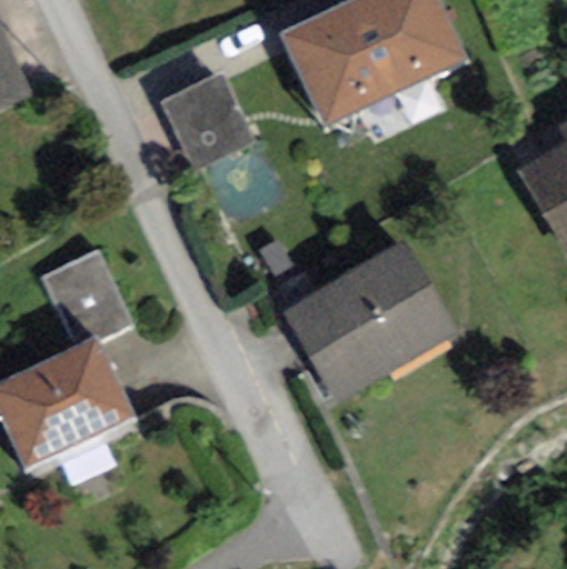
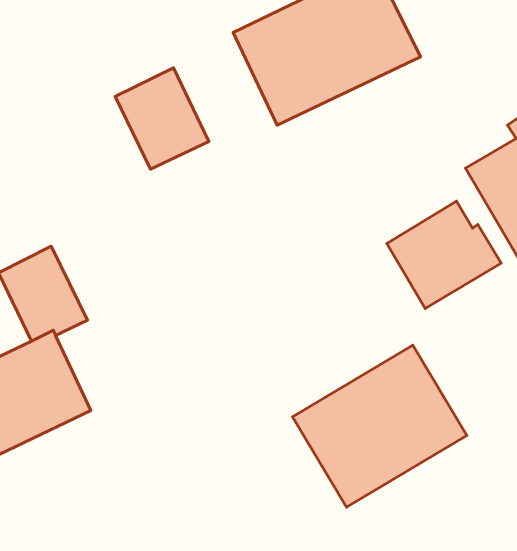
building: none -> [387,201,501,308]
building: [284,239,459,402] -> [293,345,467,507]

